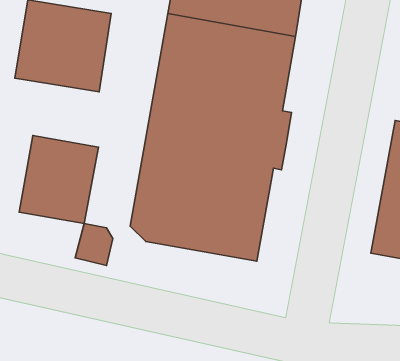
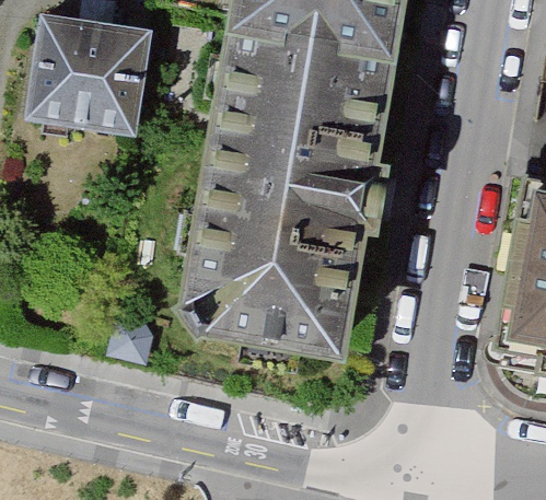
building: [19,135,98,224] -> none

